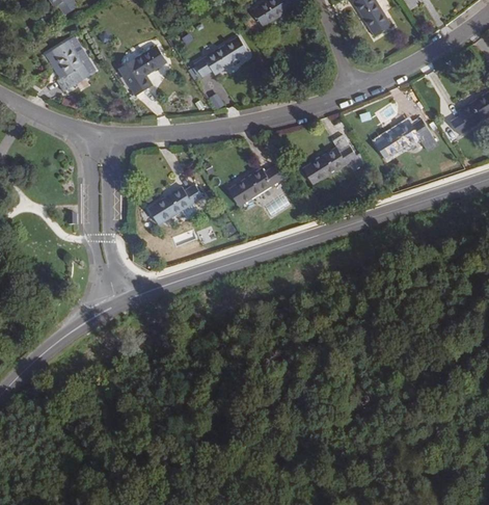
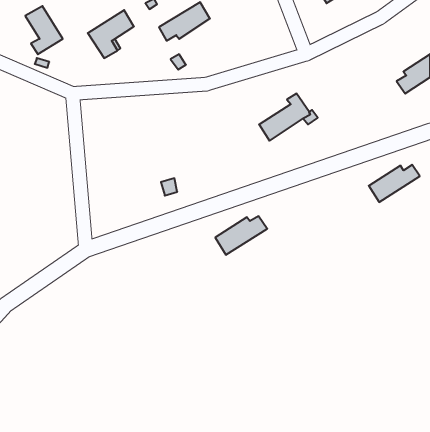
building: [374,118,429,159] -> [369,165,420,202]
building: [226,165,282,207] -> [215,216,267,255]
building: [146,184,202,224] -> none

